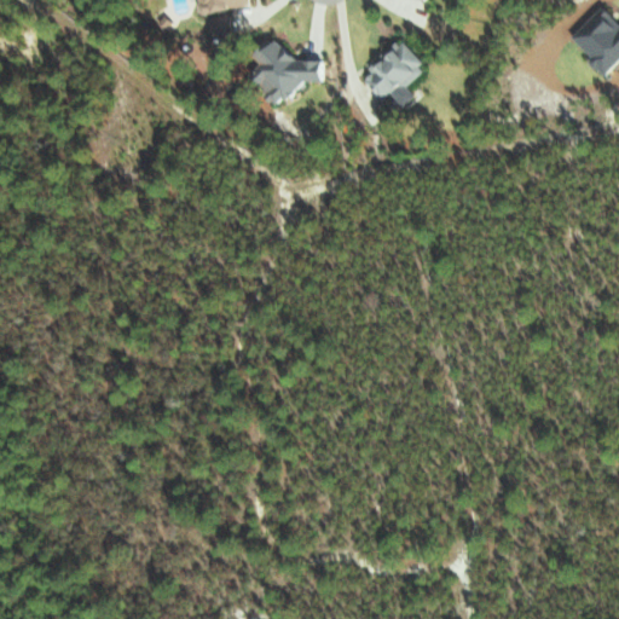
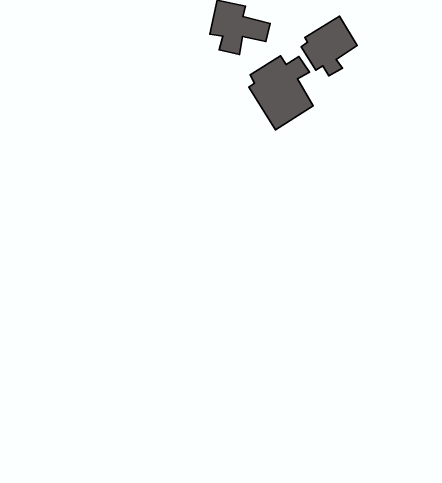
building: none -> [249,56,313,130]

